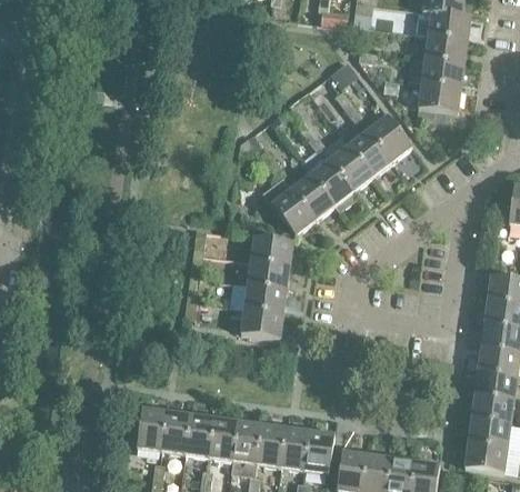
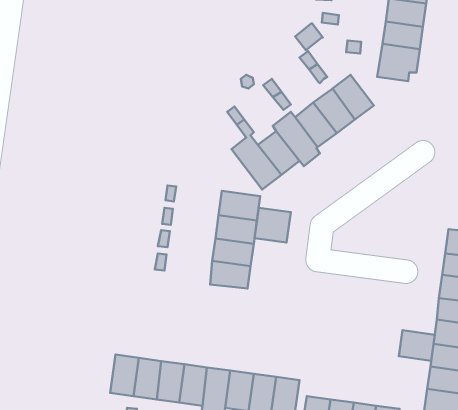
building: none -> [255,208,291,243]
building: none -> [399,330,435,361]

